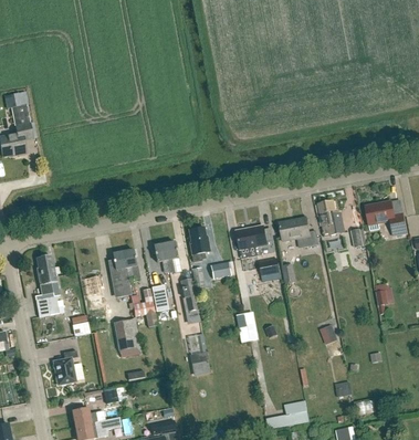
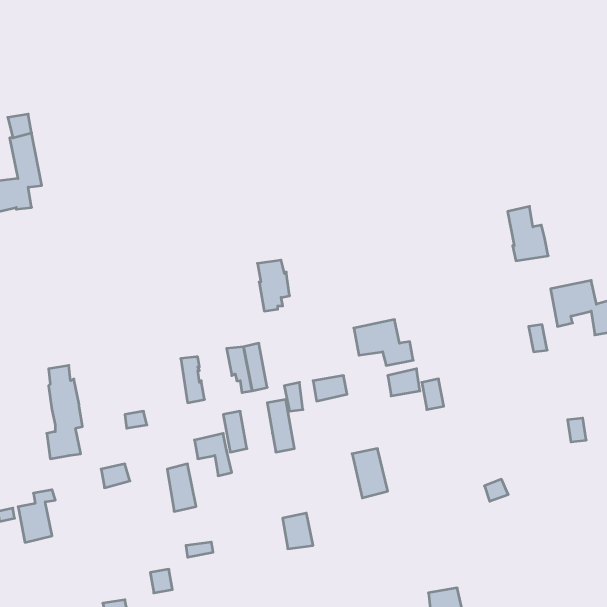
building: [318,200,345,235] -> [508,206,548,261]
building: [280,217,318,248] -> none
building: [189,228,210,261] -> [257,260,290,311]
building: [108,251,132,296] -> none
building: [54,350,78,385] -> [18,490,55,542]

